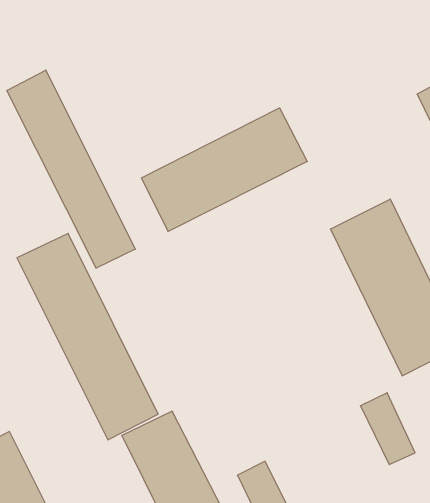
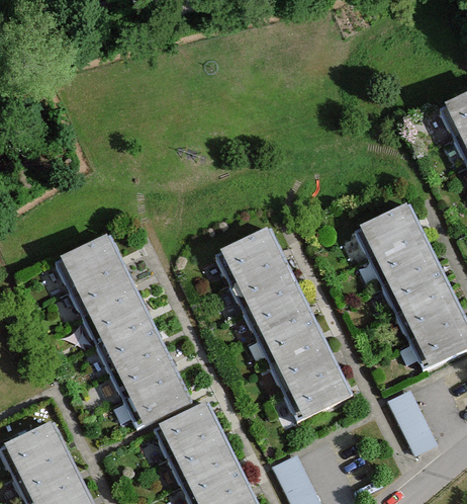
building: [7,70,135,268] -> none
building: [141,108,307,232] -> none
building: none -> [221,230,355,424]

